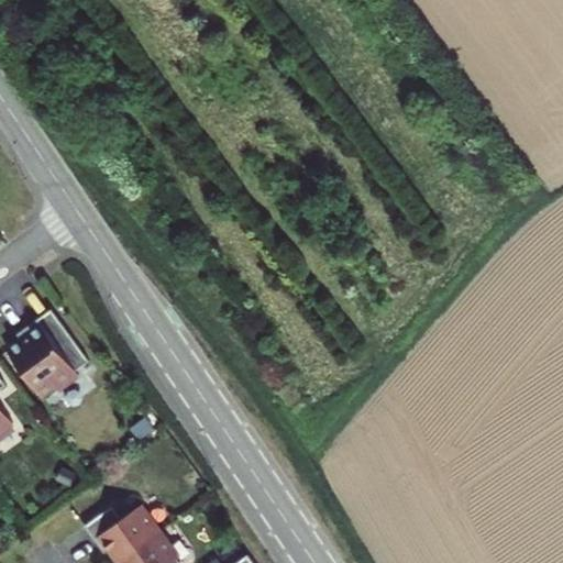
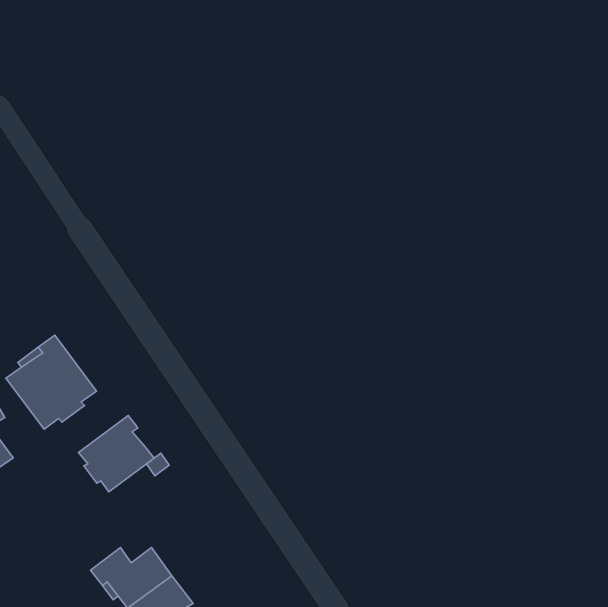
building: none -> [79,416,154,492]

